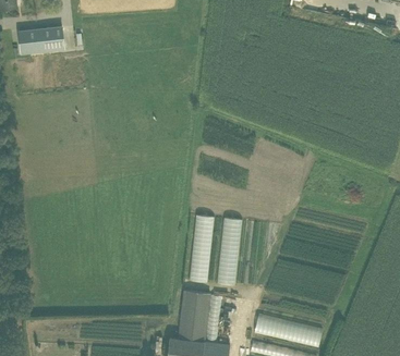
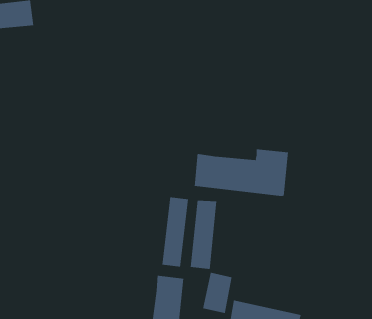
building: none -> [194,148,289,197]
building: none -> [203,272,232,314]

